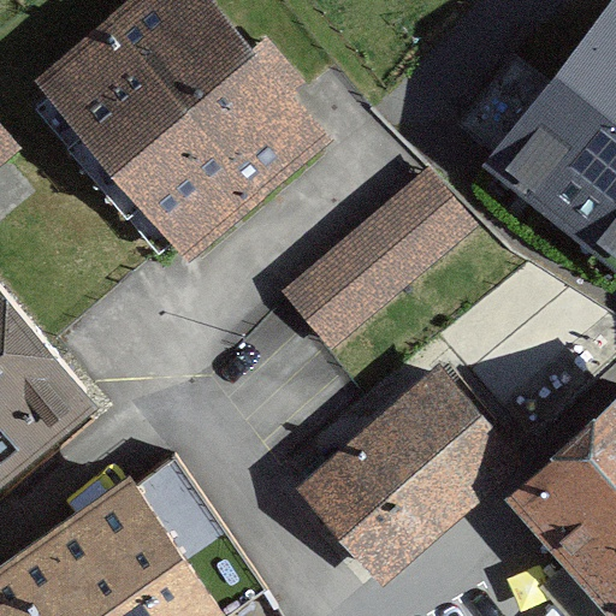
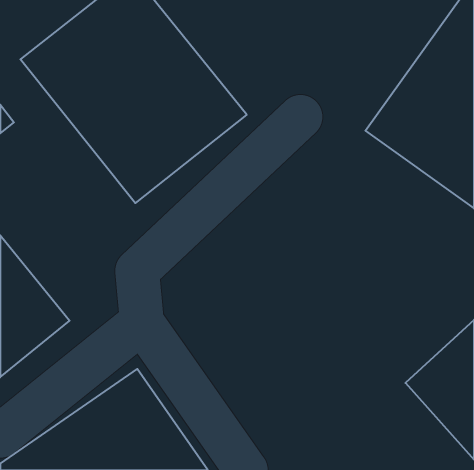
building: [286,166,482,353] -> none
building: [295,362,507,569] -> none

